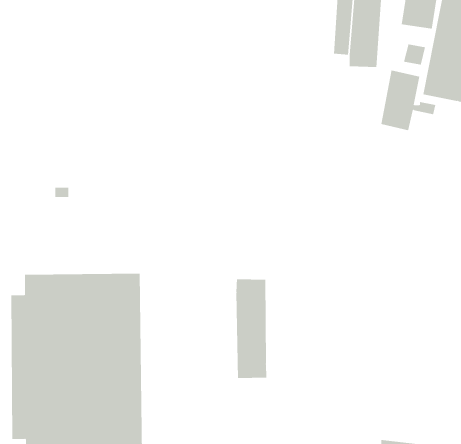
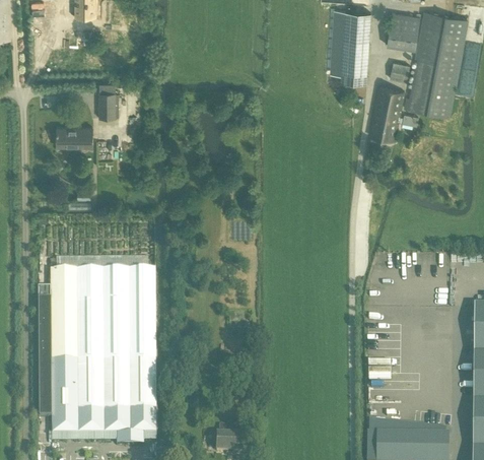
building: none -> [99,92,116,117]
building: none -> [57,127,93,146]
building: [236,278,267,379] -> none

